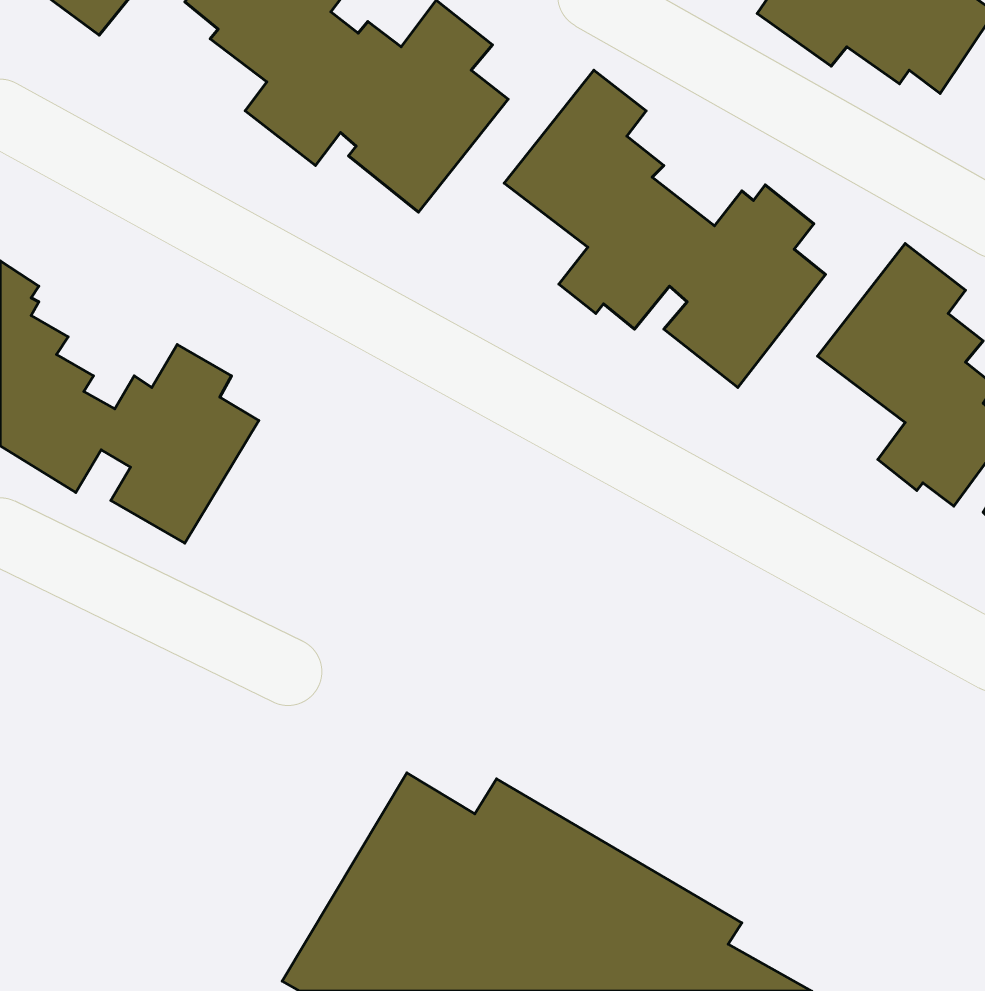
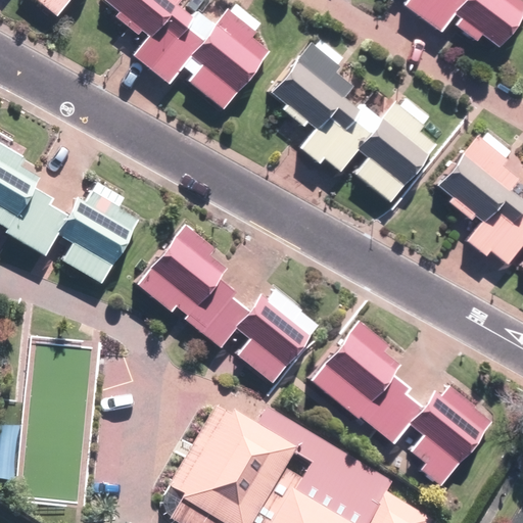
building: none -> [135,225,319,384]
building: none -> [307,321,493,486]

